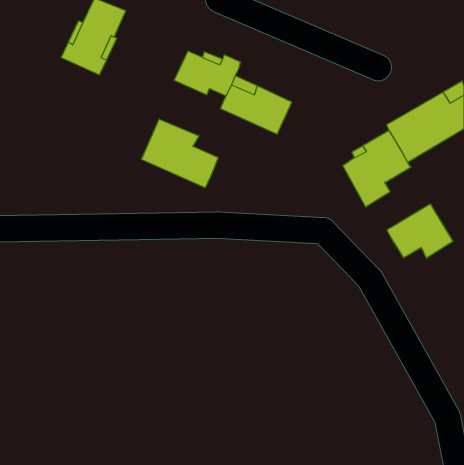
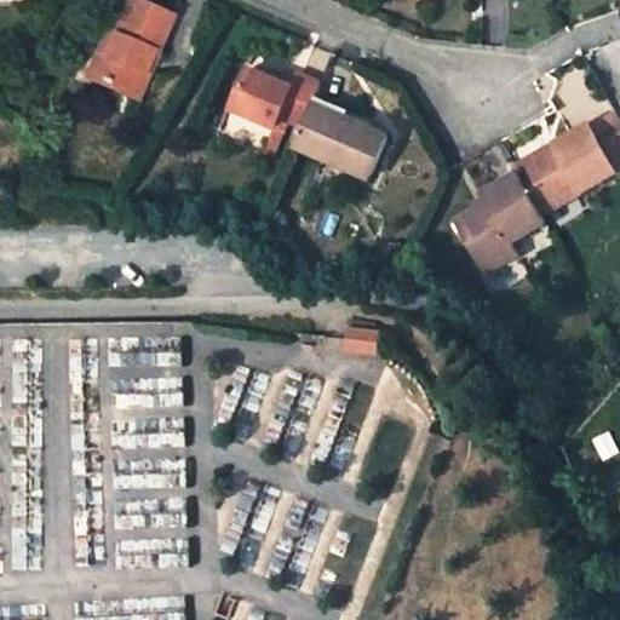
building: [142,119,218,188] -> none
building: [387,204,453,258] -> none

